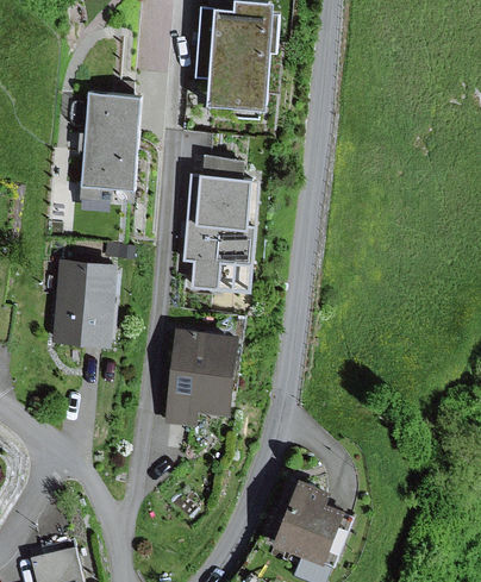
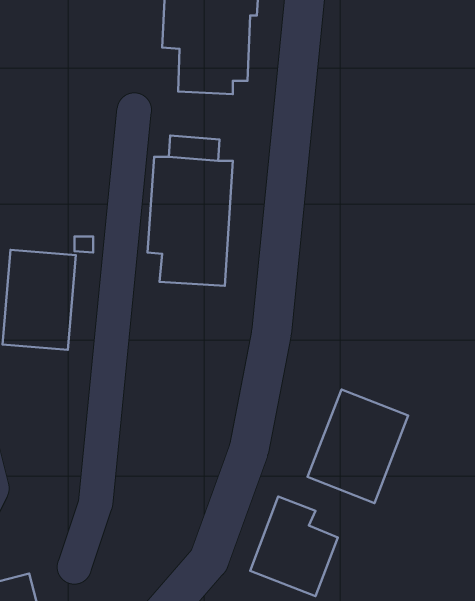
building: [81,94,140,193] -> none
building: [163,328,239,428] -> none
building: none -> [308,389,408,503]

